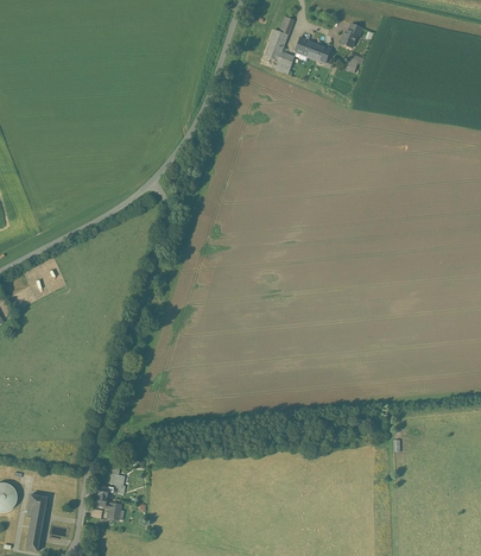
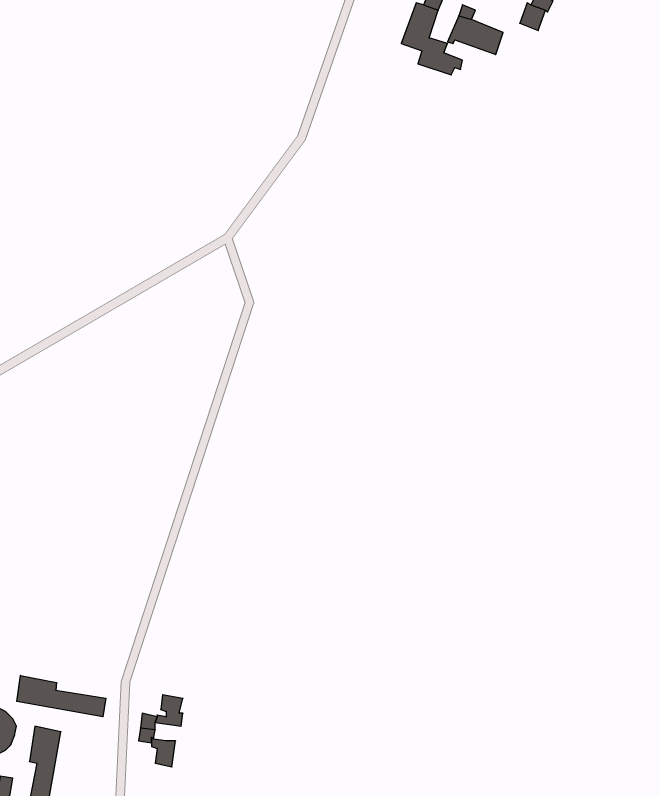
building: none -> [17,675,106,717]

